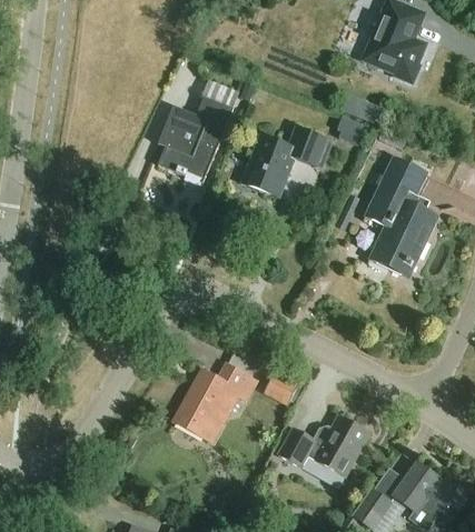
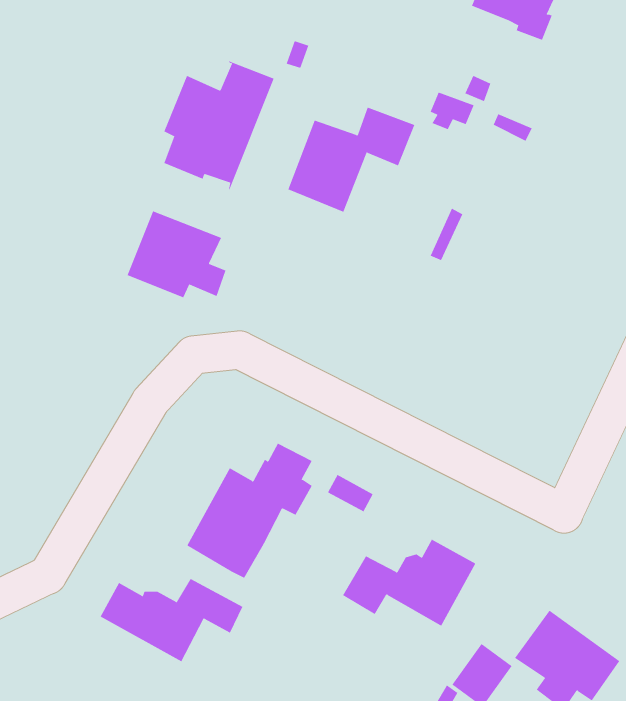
building: [365,158,437,278] -> none
building: none -> [127,210,226,298]
building: none -> [100,578,243,662]

